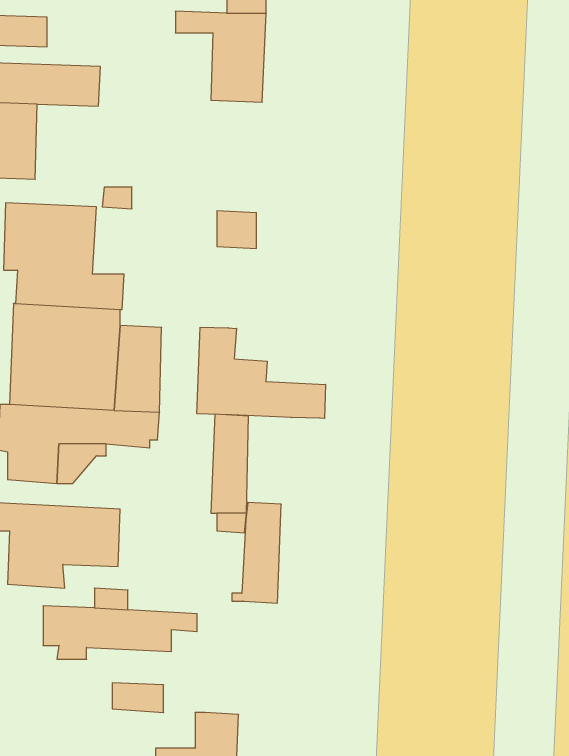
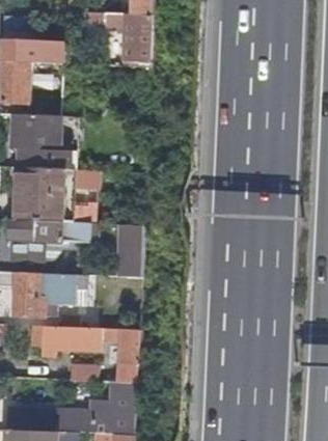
building: [197,327,325,418] -> none
building: [232,502,281,603] -> [111,329,137,382]

